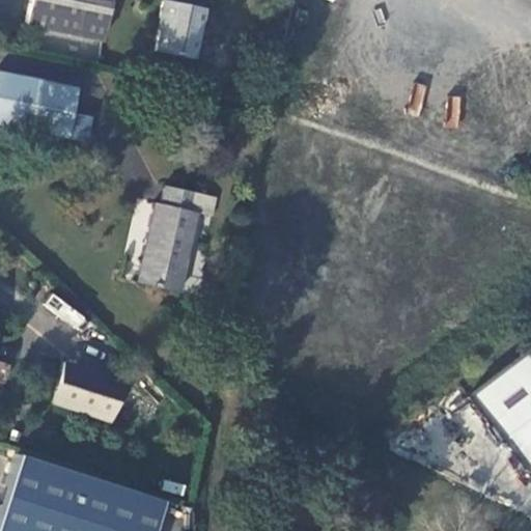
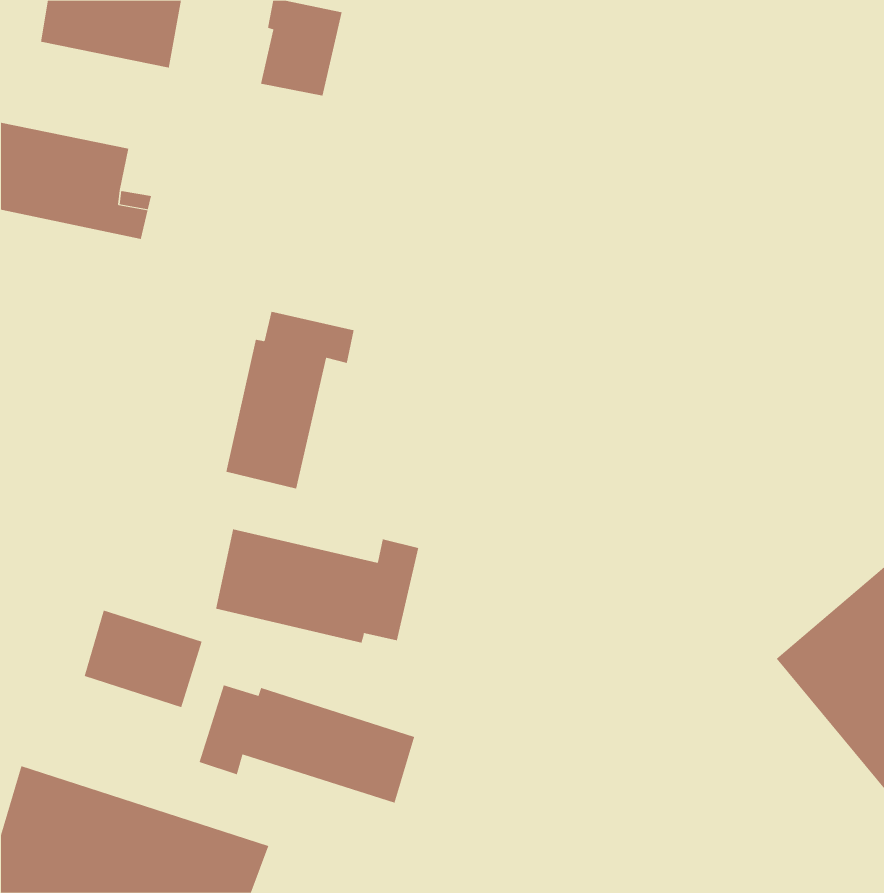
building: none -> [216,529,419,643]
building: none -> [199,684,415,804]

